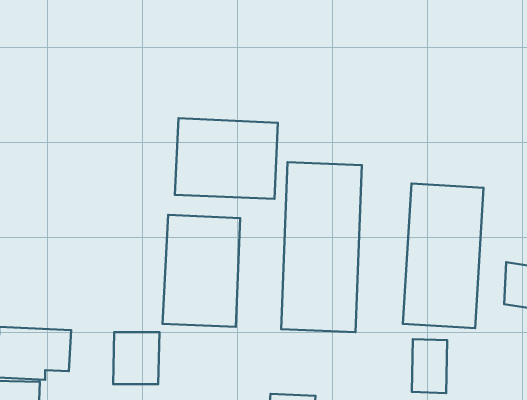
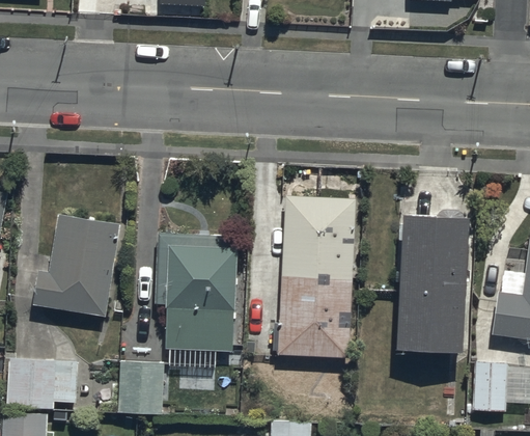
building: [175,118,278,199] -> none
building: none -> [33,211,116,318]
building: [412,339,447,393] -> [472,358,506,410]

